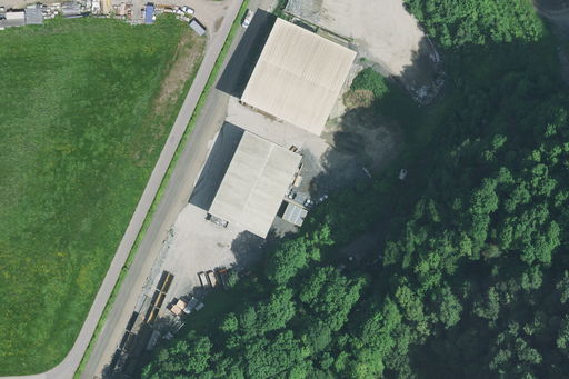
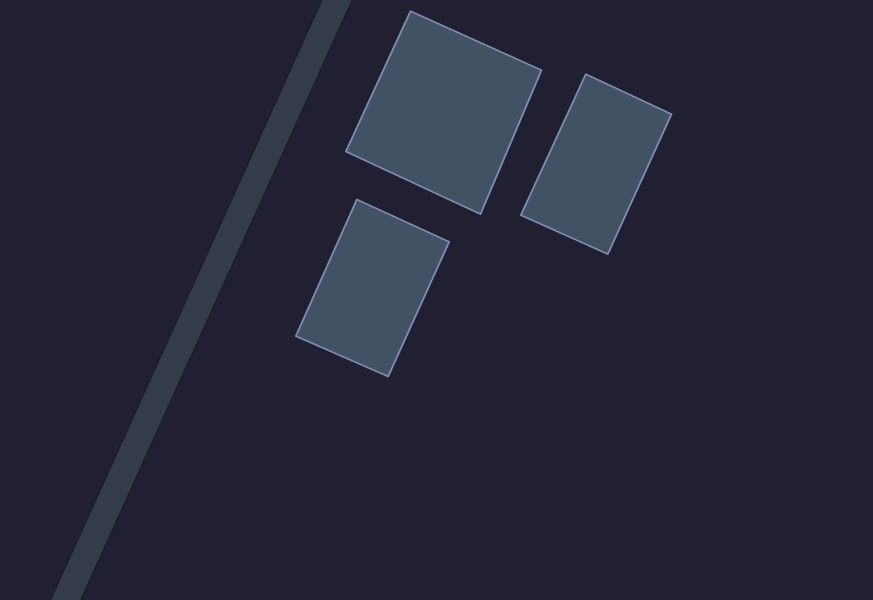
building: none -> [521,74,672,254]

